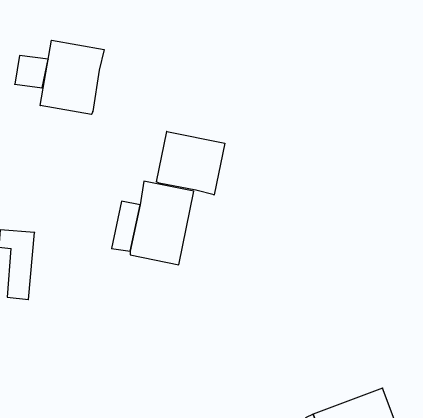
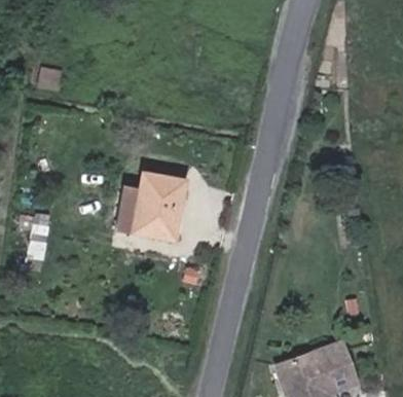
building: [40,40,104,114] -> none
building: [157,131,225,195] -> none

